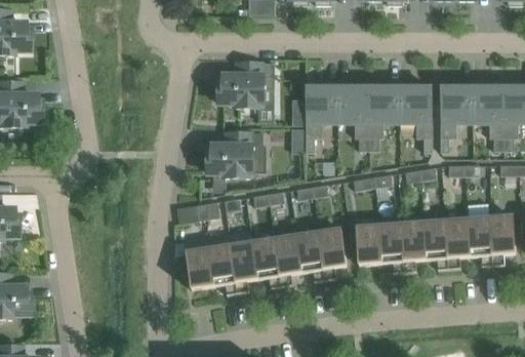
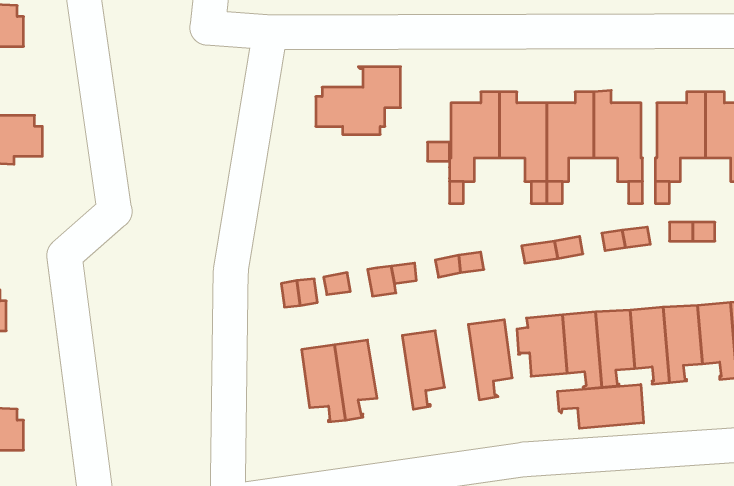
building: [207,132,264,176] -> none
building: [296,231,325,281] -> none
building: [252,238,282,288] -> none
building: [179,247,214,289] -> none
building: none -> [558,384,644,428]

